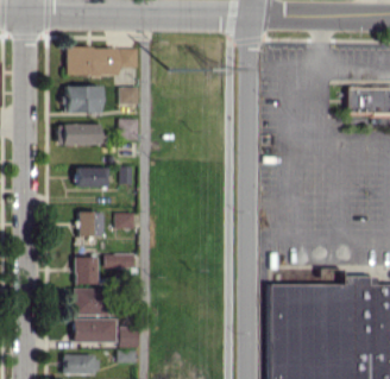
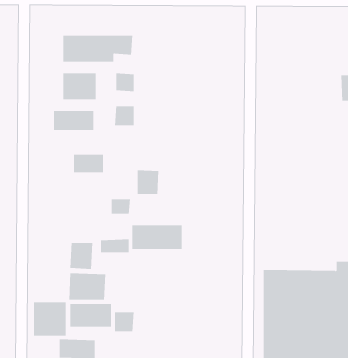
building: [78,211,101,236] -> [137,170,159,194]
building: none -> [132,225,182,250]
building: none -> [34,302,66,337]

